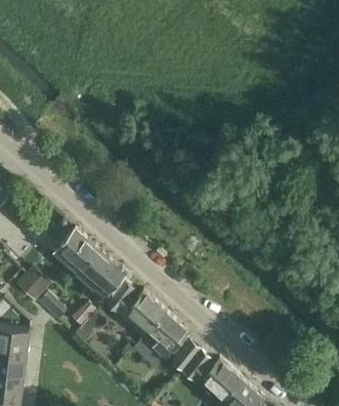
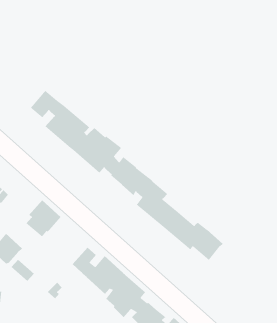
building: none -> [30,90,224,261]
building: [77,248,125,296] -> none

